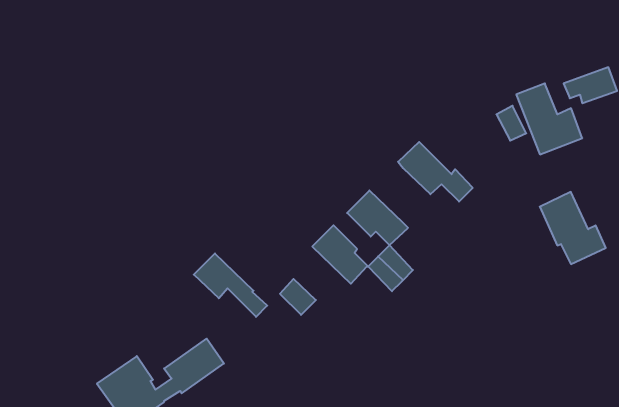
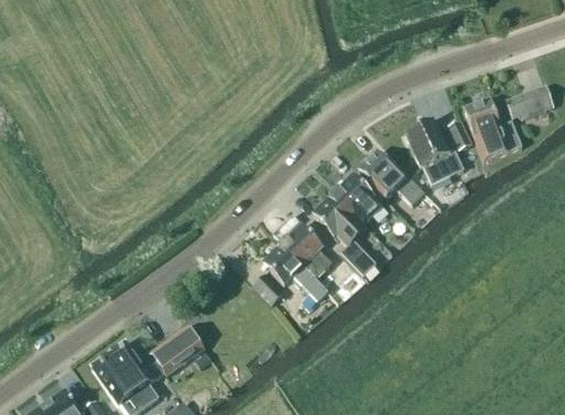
building: none -> [333,174,387,222]
building: [540,192,606,264] -> [405,120,463,184]
building: [194,253,267,317] -> [263,243,328,300]

